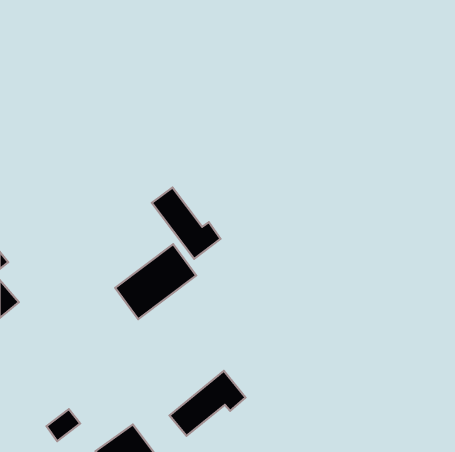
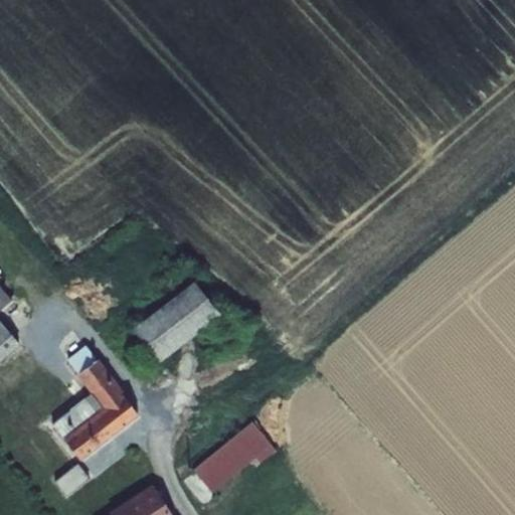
building: [152,187,220,259] -> none
building: none -> [51,345,141,462]

